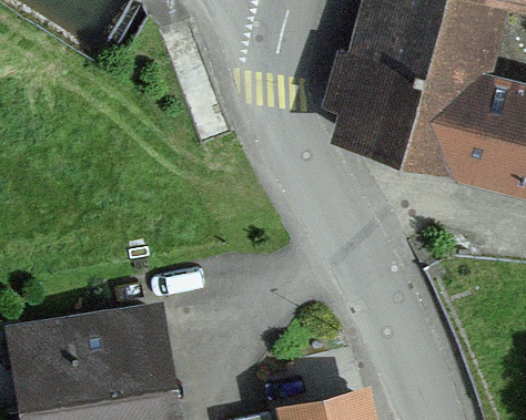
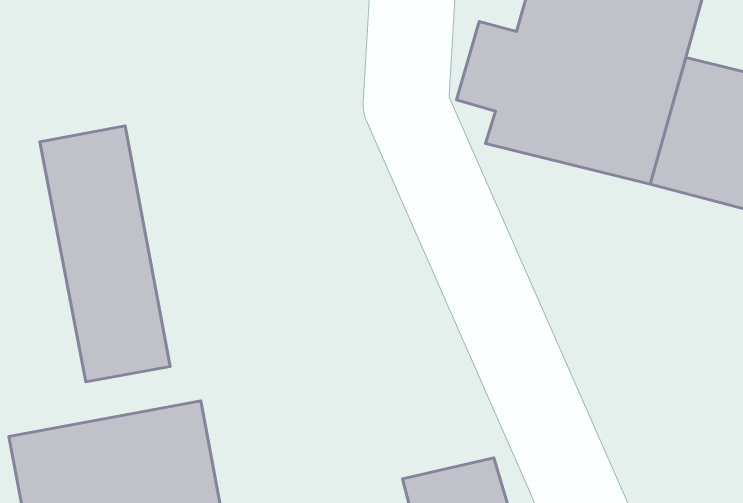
building: none -> [40,126,170,382]

